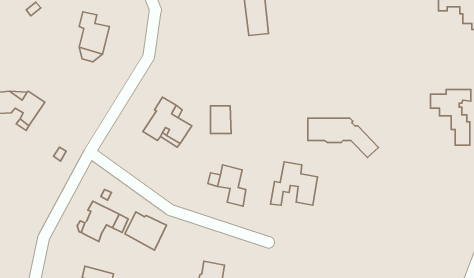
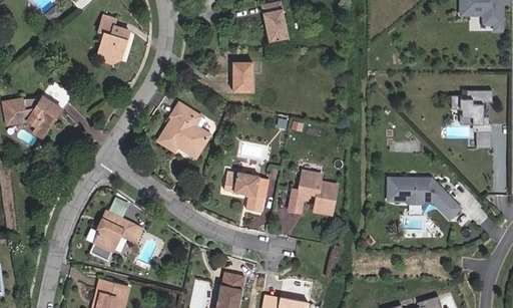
building: [211,106,231,133] -> [230,62,251,90]
building: [308,118,378,157] -> [390,180,462,220]
building: [125,212,167,250] -> none

